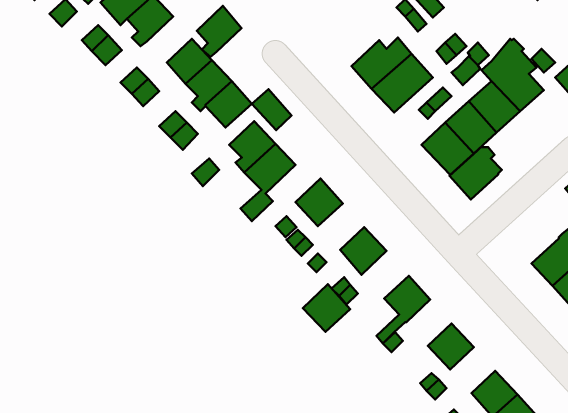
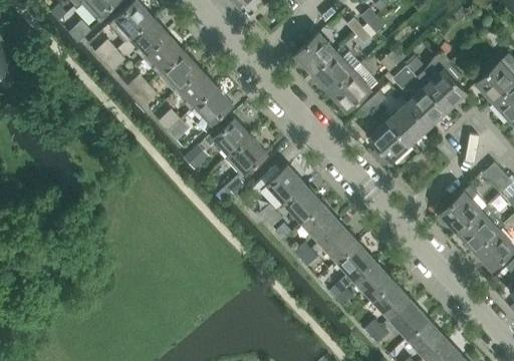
building: [197,6,242,57] -> [148,35,184,76]
building: none -> [294,36,334,75]
building: [252,89,292,130] -> none
building: [450,147,502,200] -> [440,192,482,234]
building: none -> [285,186,322,223]
building: [303,284,350,332] -> [320,224,358,262]
building: none -> [356,263,393,300]
building: none -> [392,301,428,338]

